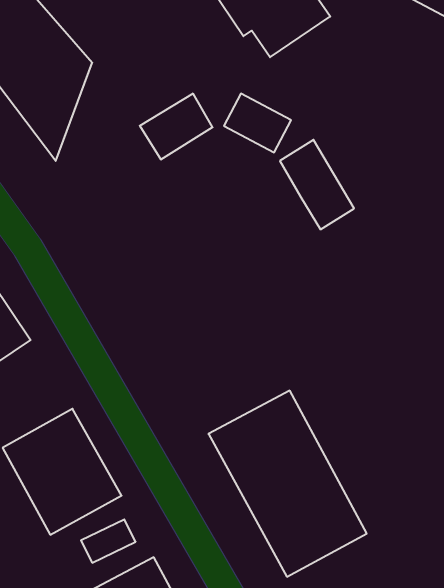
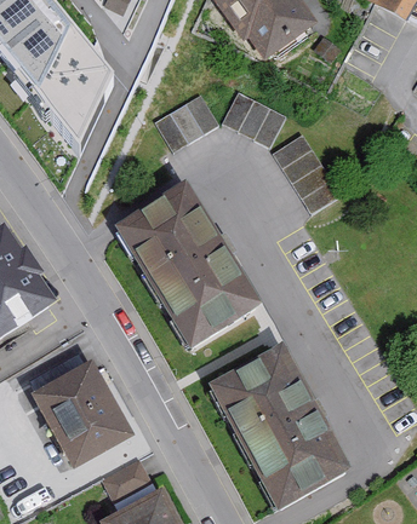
building: none -> [114,182,258,347]

